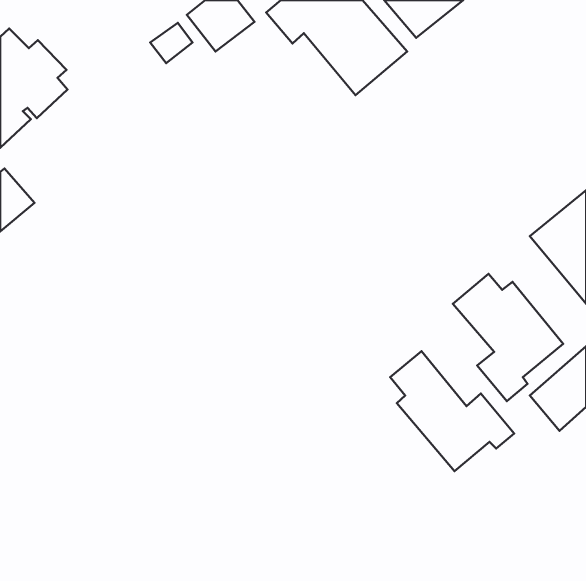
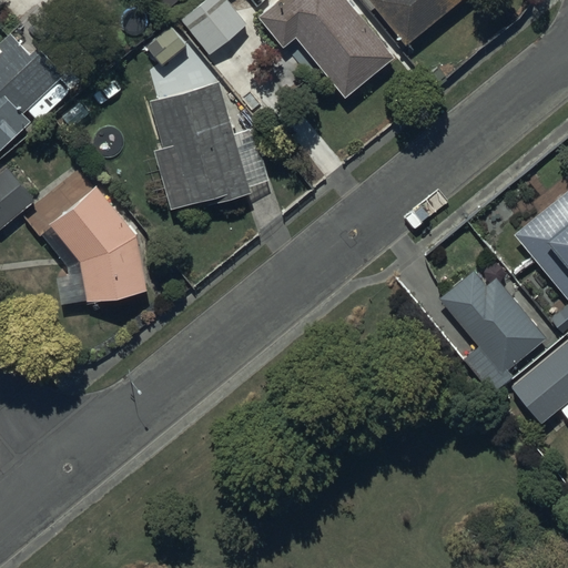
building: none -> [149,80,266,207]
building: none -> [48,185,145,300]
building: [390,351,514,471] -> none

